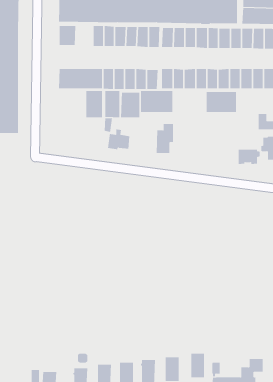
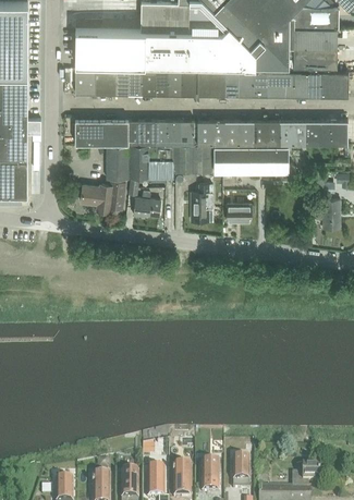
building: none -> [95,71,115,96]
building: none -> [213,148,251,174]
building: none -> [81,183,124,215]
building: [238,149,261,165] -> [227,206,254,224]

